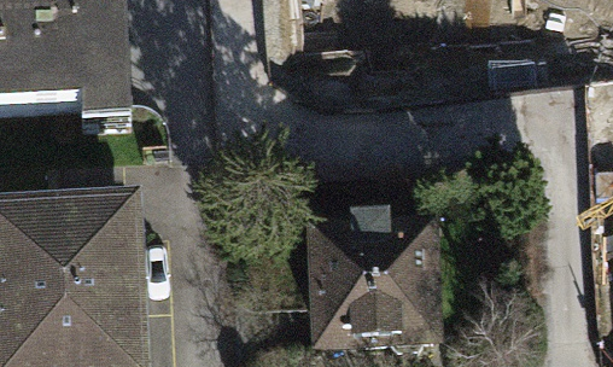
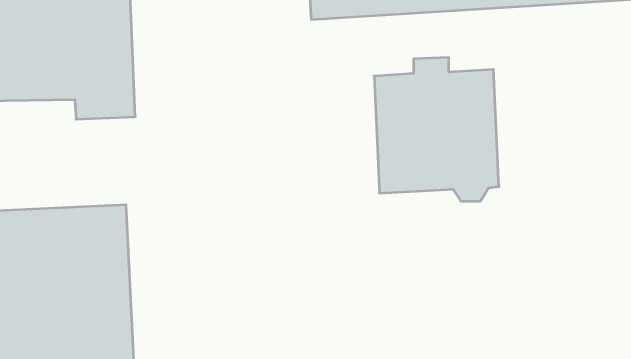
building: [316,208,431,339] -> [374,58,499,201]

